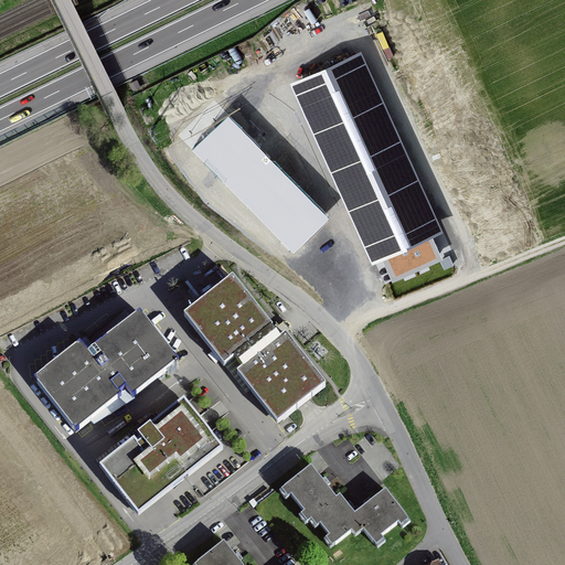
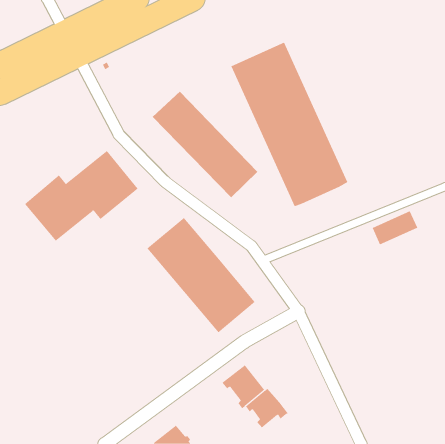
building: [382,236,440,280] -> [372,210,418,245]
building: [34,310,179,426] -> [24,150,139,242]
building: [99,399,221,513] -> none
building: [354,486,407,541] -> none

